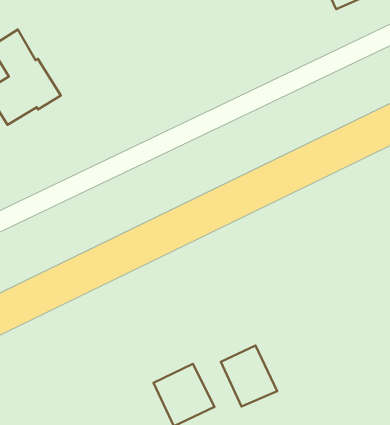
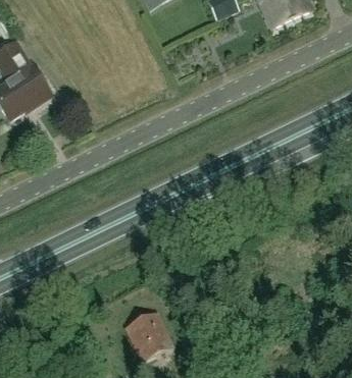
building: [221,345,277,407] -> none

